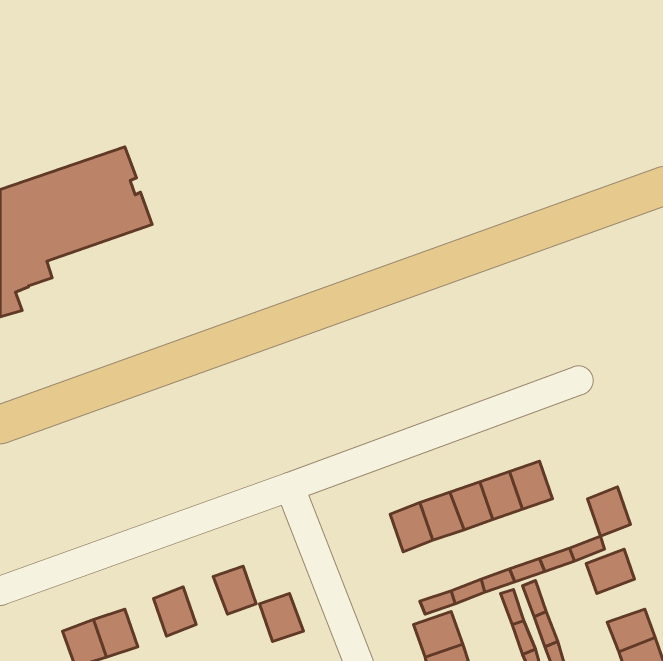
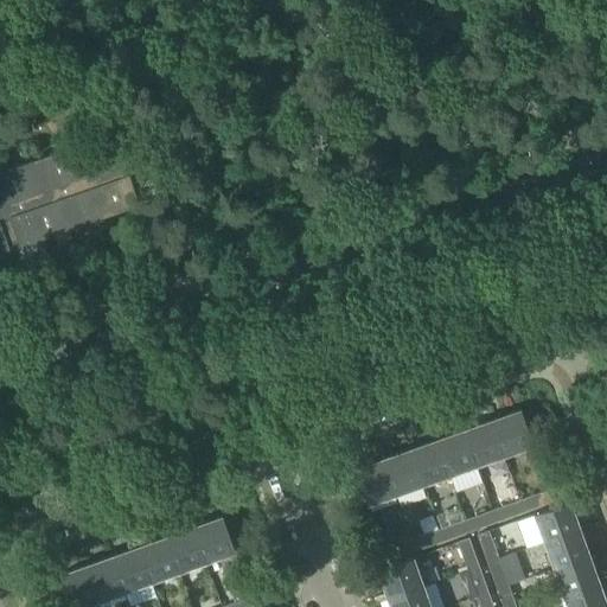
building: [588,487,631,536] -> [493,413,532,458]
building: none -> [545,531,589,570]
building: [259,593,304,641] -> [168,529,209,573]
building: none -> [115,549,153,593]

